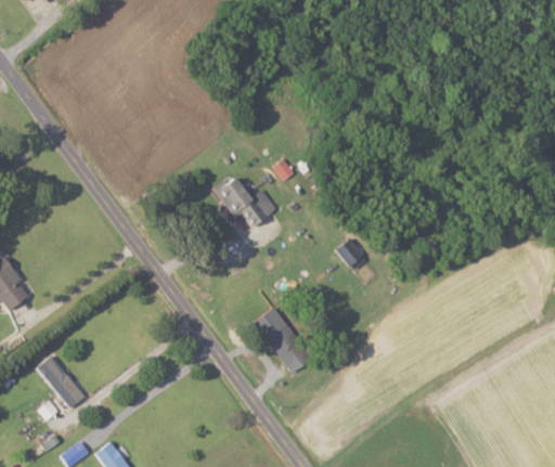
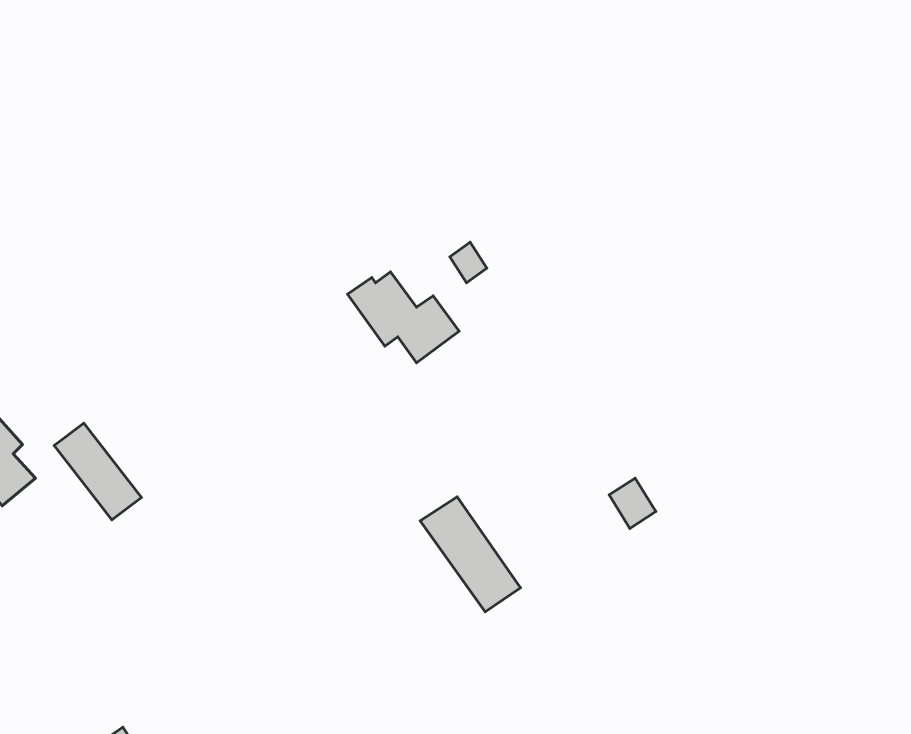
building: [336,238,363,268] -> [609,478,656,528]
building: [35,353,86,410] -> [54,423,142,520]

